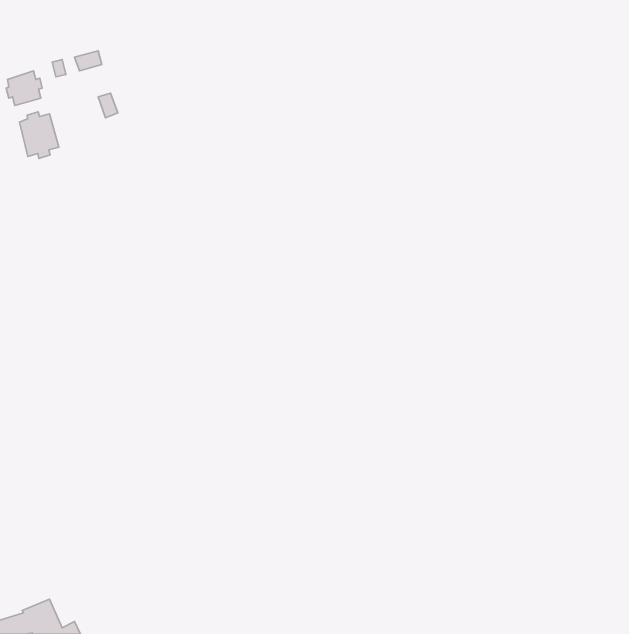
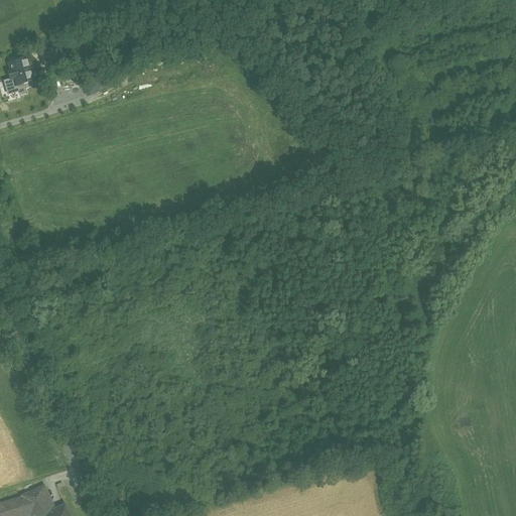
building: [19,112,59,158] -> none

